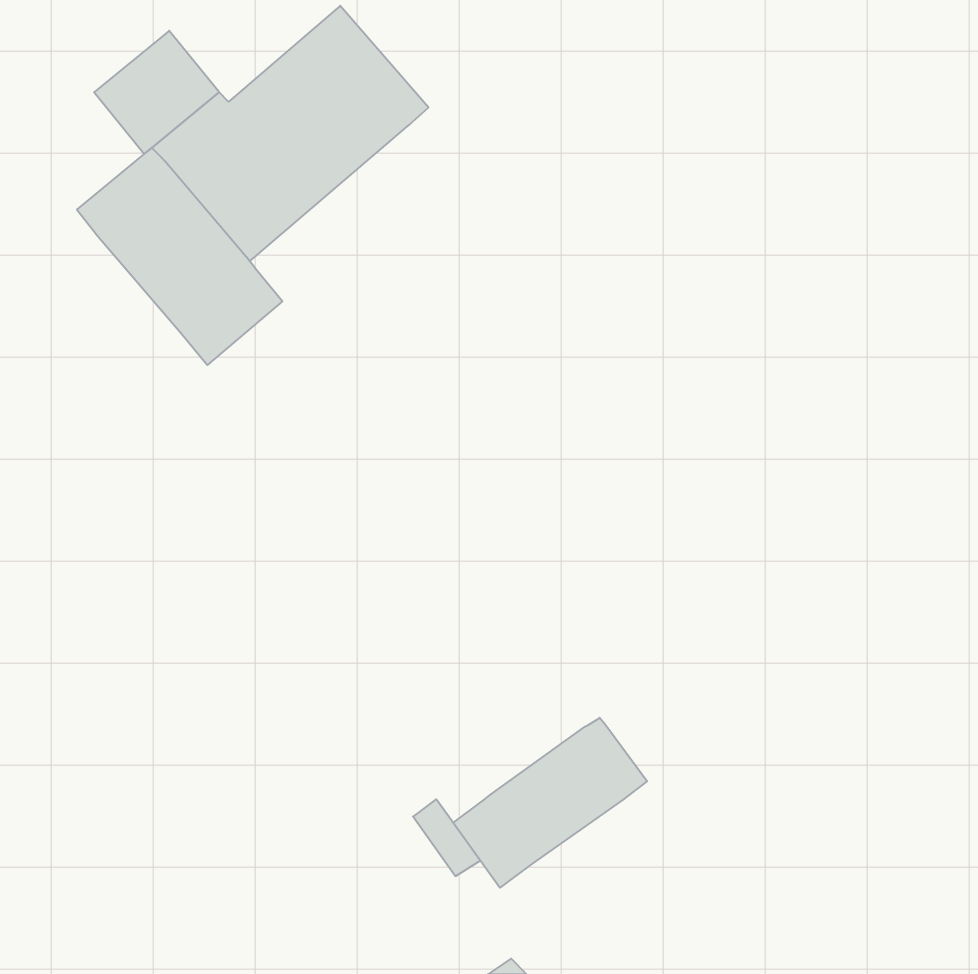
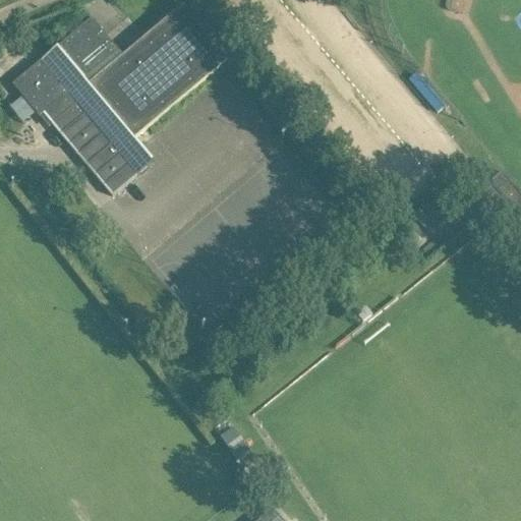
building: none -> [10,49,76,114]
building: [453,718,647,888] -> none

